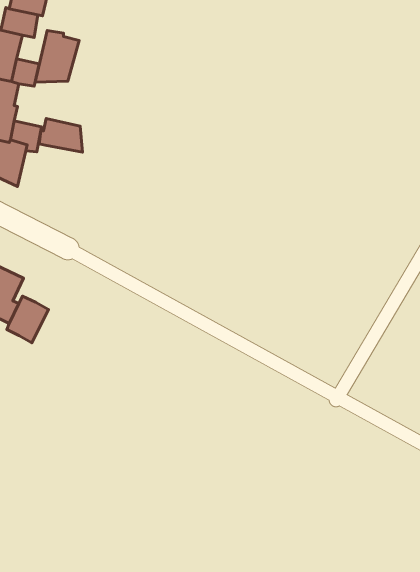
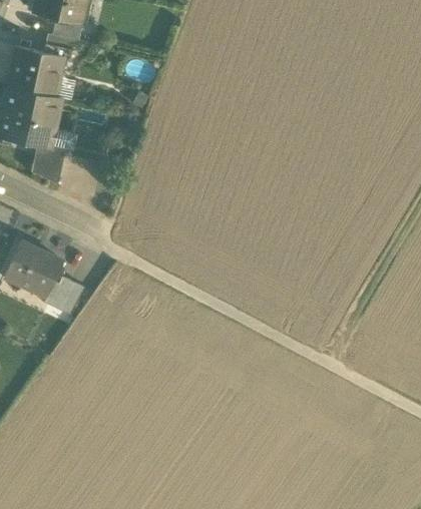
building: [35,31,79,82] -> none
building: [39,118,82,152] -> none

